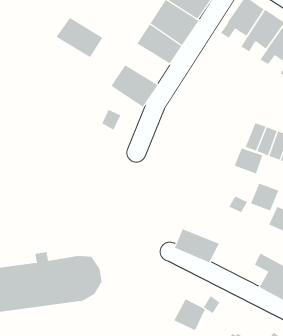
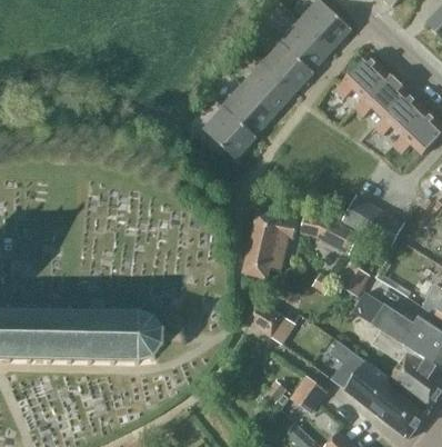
building: [56,17,103,58] -> [221,86,273,135]
building: none -> [242,211,298,278]
building: [174,299,206,331] -> [290,374,328,411]

